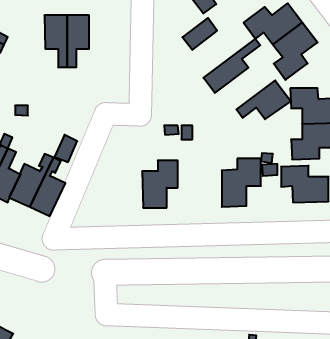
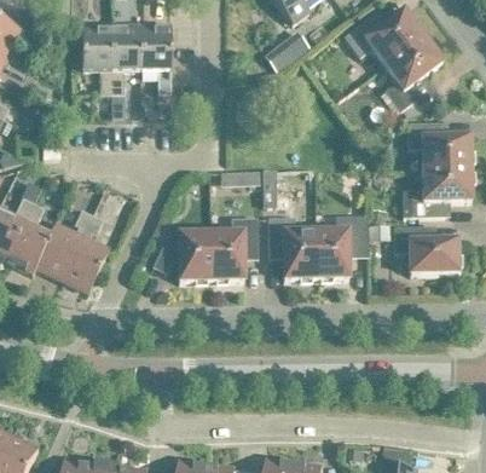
building: none -> [140,24,170,94]
building: [203,39,260,93] -> none
building: [236,80,291,119] -> none
building: none -> [268,217,316,279]
building: none -> [152,232,212,282]

